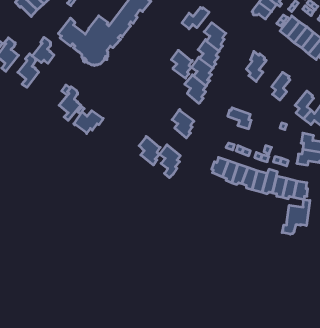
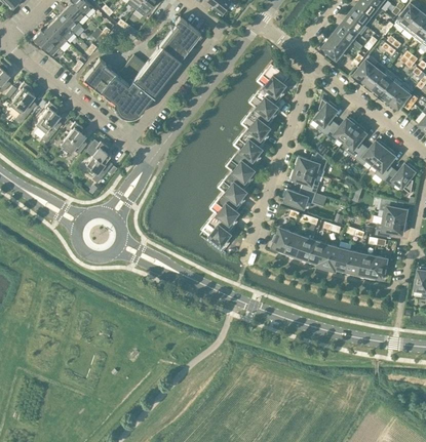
building: [182,7,209,29] -> none
building: [32,37,54,63] -> [60,122,86,154]
building: [171,50,192,78] -> [231,149,257,183]
building: none -> [325,117,357,144]
building: none -> [354,140,387,166]
building: none -> [296,151,327,175]
building: [74,111,103,134] -> none
building: none -> [283,189,316,208]
building: [139,136,160,165] -> [216,191,241,226]
building: [282,200,310,234] -> none

